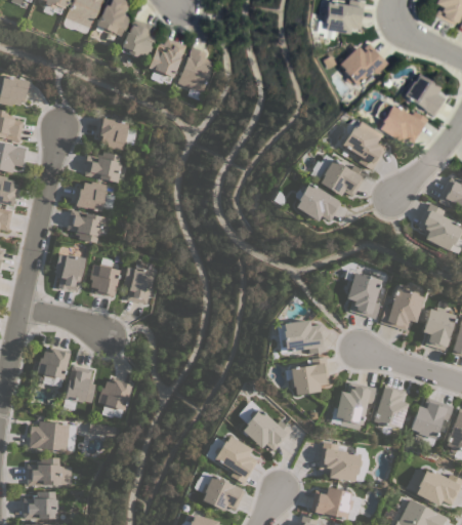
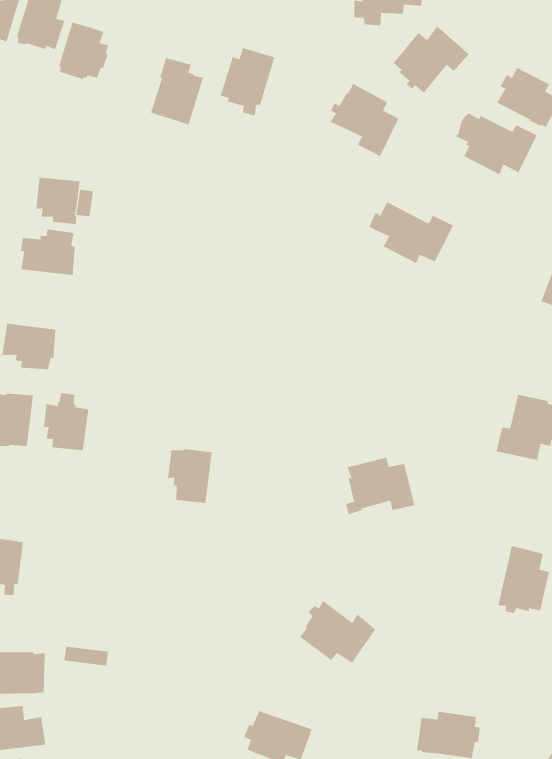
building: [148,38,185,83] -> [220,48,275,116]
building: [341,121,386,170] -> [330,83,399,157]
building: [74,180,108,211] -> none
building: [295,181,341,220] -> none
building: [123,267,154,304] -> [167,448,212,504]
building: [346,270,382,319] -> none
building: [288,356,330,395] -> none
building: [65,365,95,402] -> none
building: [97,377,132,417] -> none
building: [334,381,375,430] -> none
building: [214,435,258,484] -> none
building: [319,441,368,481] -> none

